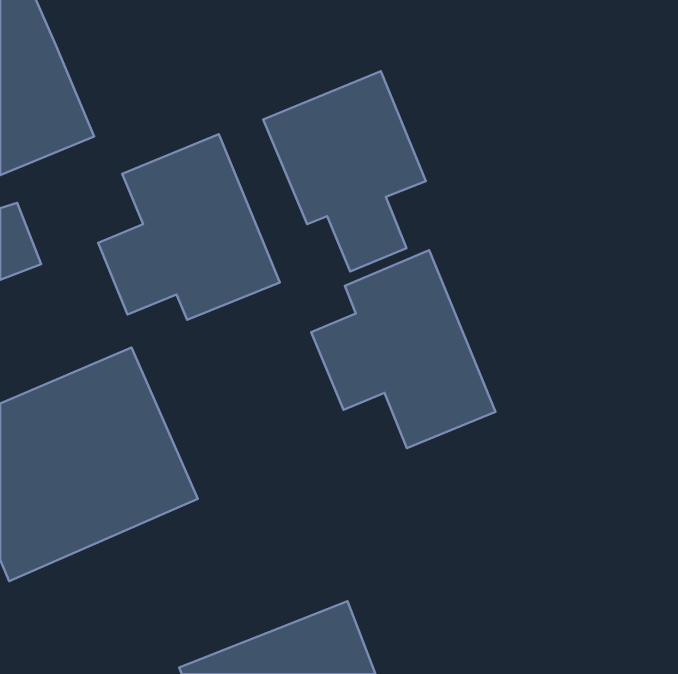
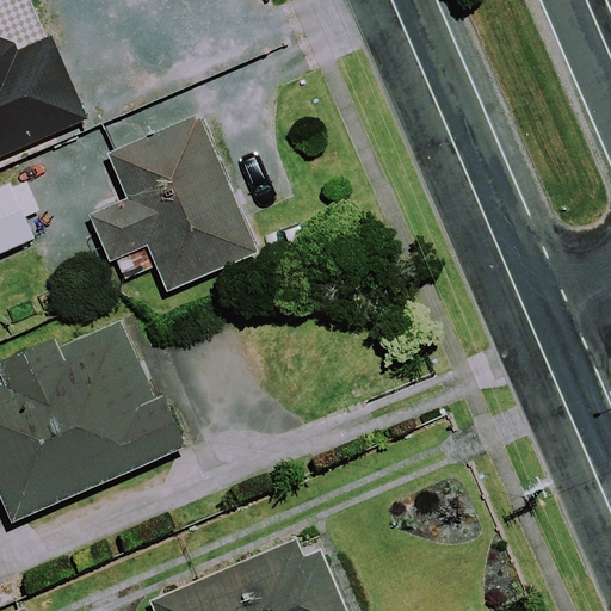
building: [263,71,426,272] -> none
building: [311,250,495,448] -> none

